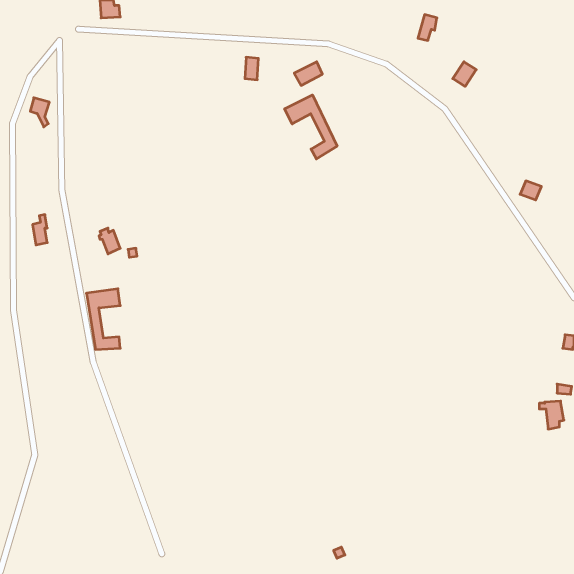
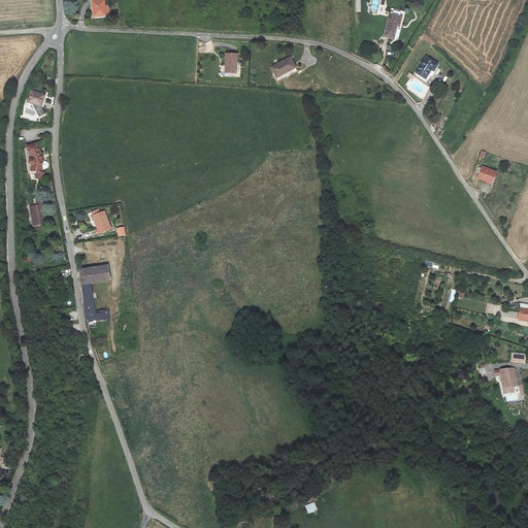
building: [285,95,337,159] -> none
building: none -> [26,142,44,182]

